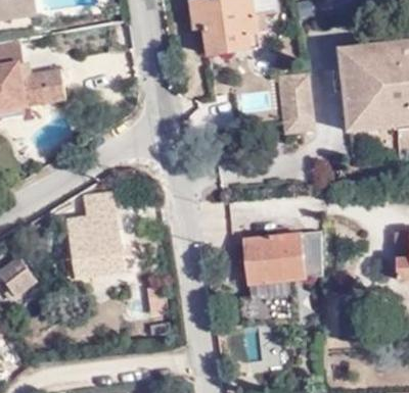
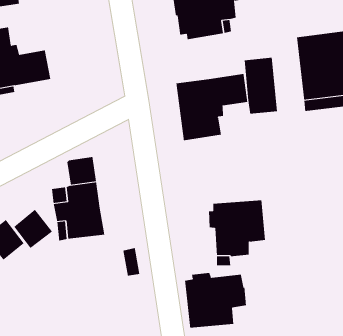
building: none -> [176,73,248,141]
building: none -> [13,209,53,249]
building: none -> [184,272,246,329]

